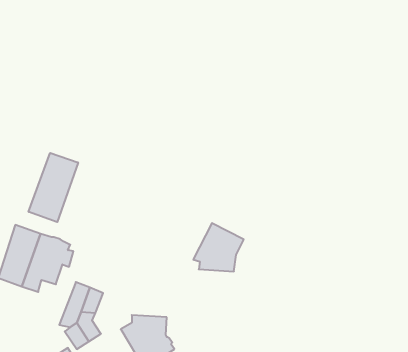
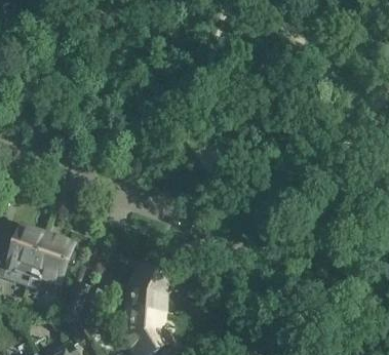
building: [29,153,78,222] -> none
building: [193,223,244,271] -> [121,267,168,312]

